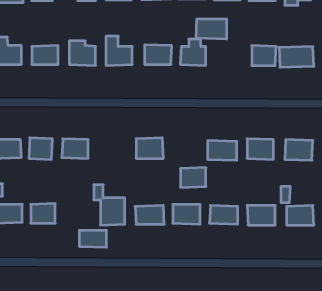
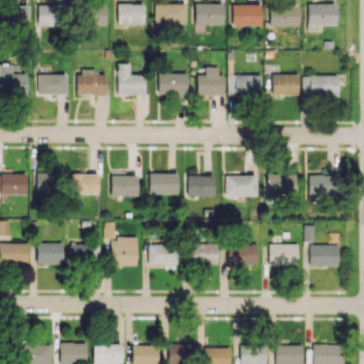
building: [196,19,227,39] -> [229,75,262,96]
building: none -> [112,174,139,197]
building: [180,168,206,187] -> [189,175,216,197]
building: [79,230,107,247] -> [71,245,100,263]

